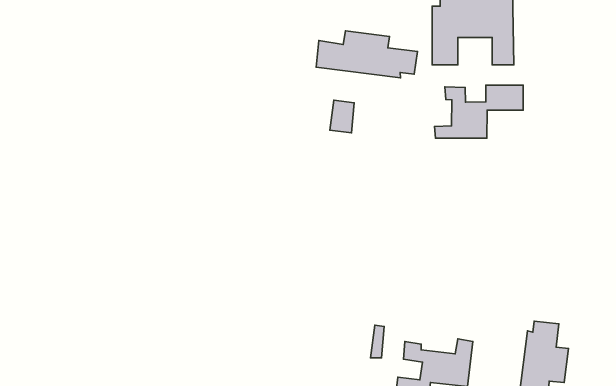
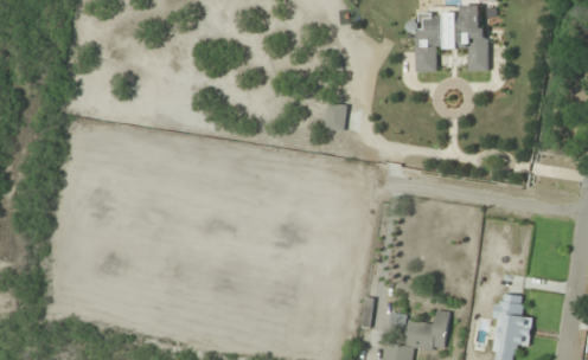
building: [316,31,417,78] -> none
building: [434,85,523,138] -> none

